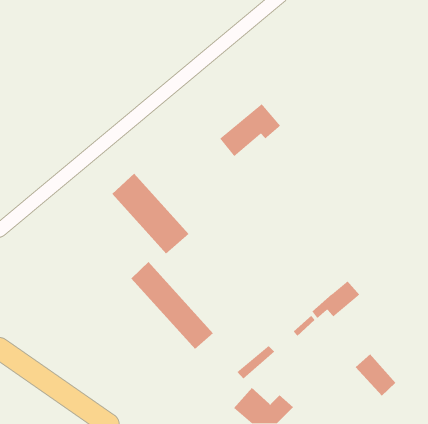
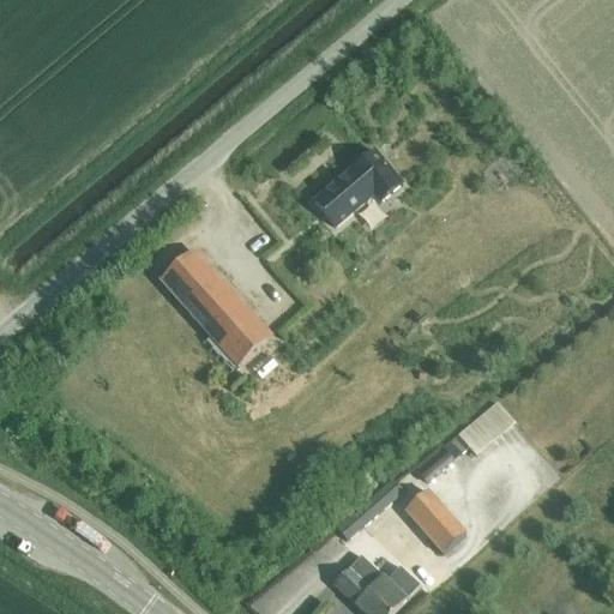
building: [131,261,214,350] -> none
building: [355,354,396,396] -> [405,489,464,550]

